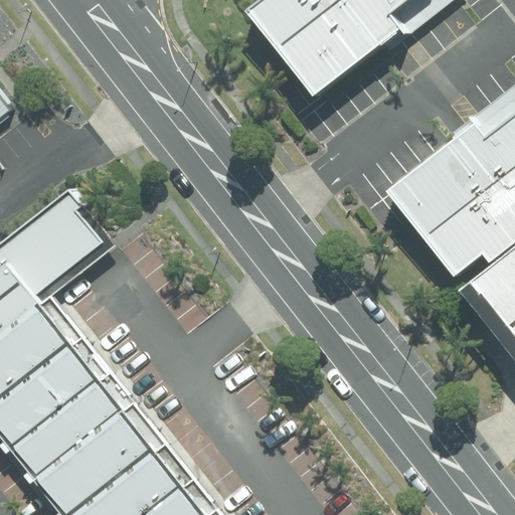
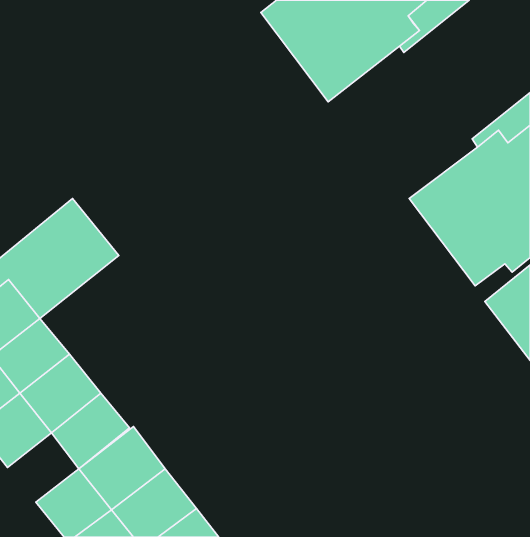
building: [7,414,75,481] -> none

